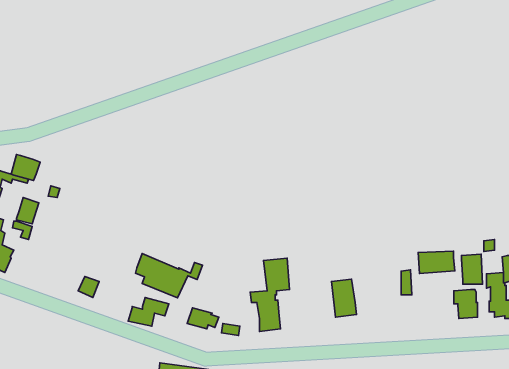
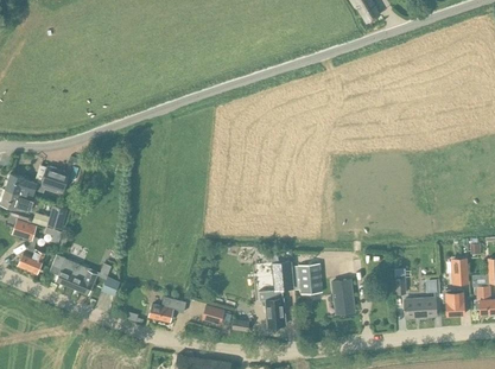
building: [418,251,455,274] -> [404,298,437,318]
building: [135,253,202,298] -> [50,254,110,294]
building: none -> [299,263,323,294]

